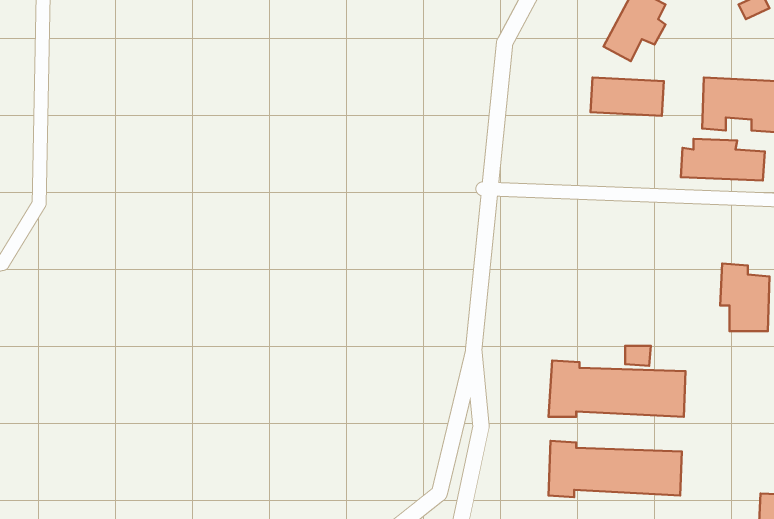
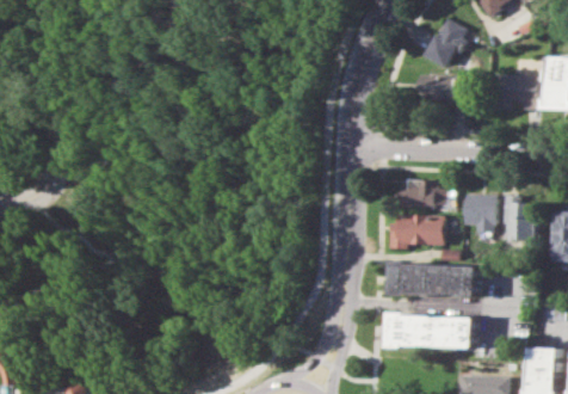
building: [681,139,765,181] -> [397,180,452,208]
building: none -> [463,193,495,233]
building: none -> [387,214,442,250]

